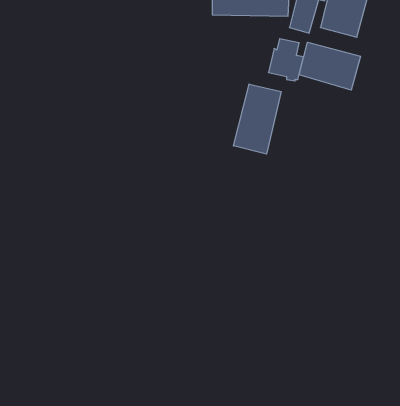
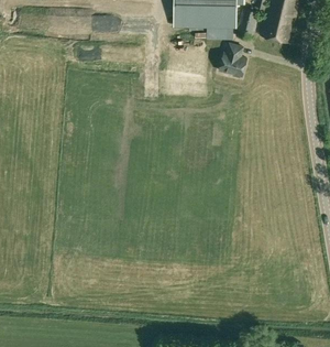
building: [299,42,360,90] -> none
building: [233,84,281,154] -> none

